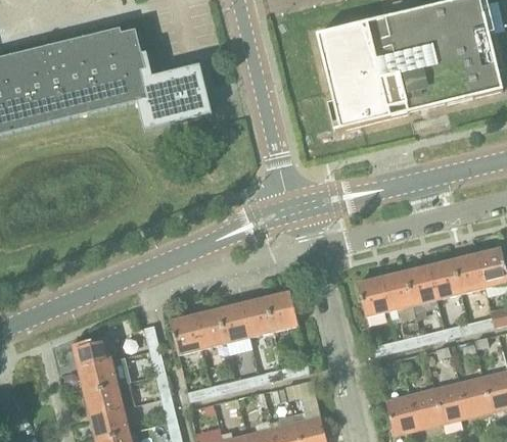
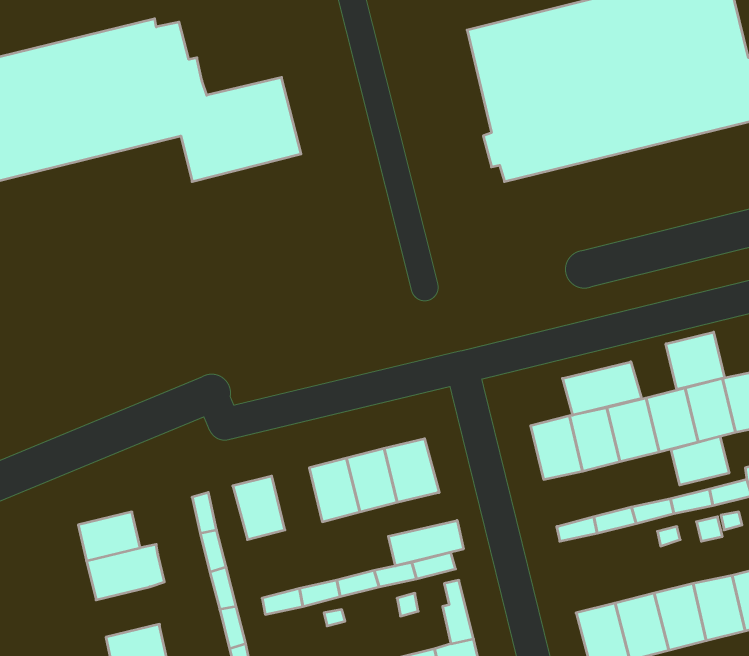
building: none -> [666,332,724,390]
building: none -> [562,362,641,415]
building: none -> [671,436,729,485]
building: [194,308,226,347] -> none
building: none -> [388,520,463,566]
building: [84,383,133,414] -> none

